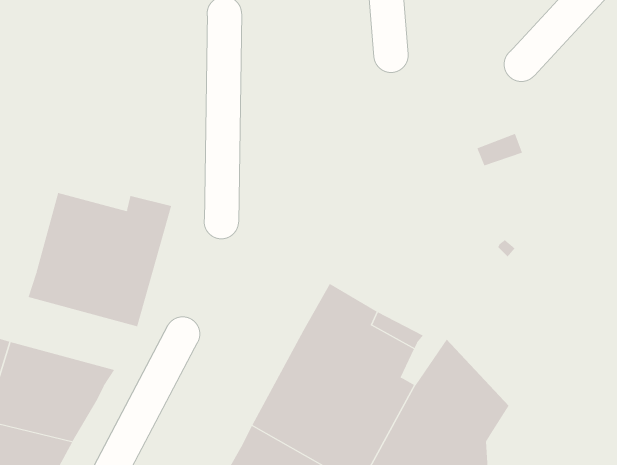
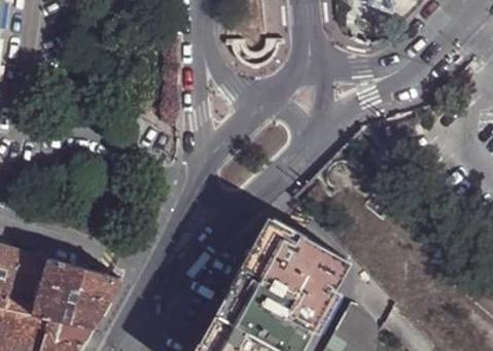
building: [28,192,172,327] -> none

